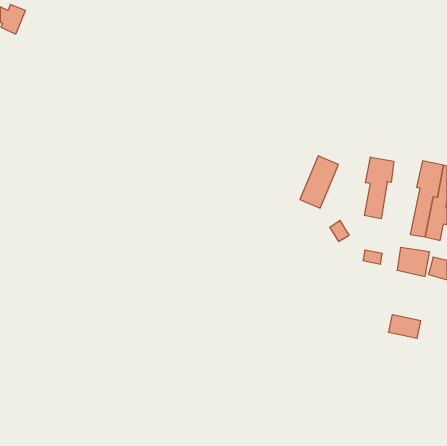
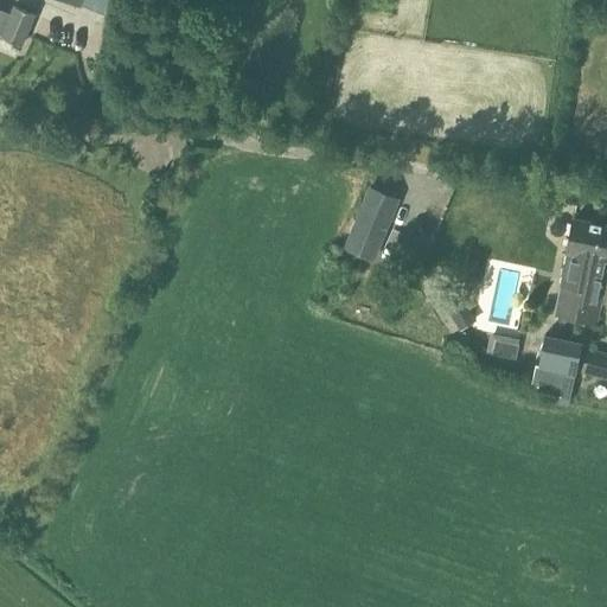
building: [300,156,338,208] -> [345,187,397,258]
building: [365,157,394,219] -> none
building: [388,315,421,338] -> [532,368,576,400]

